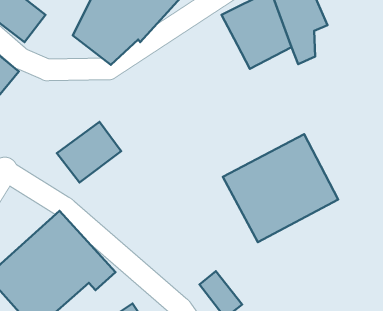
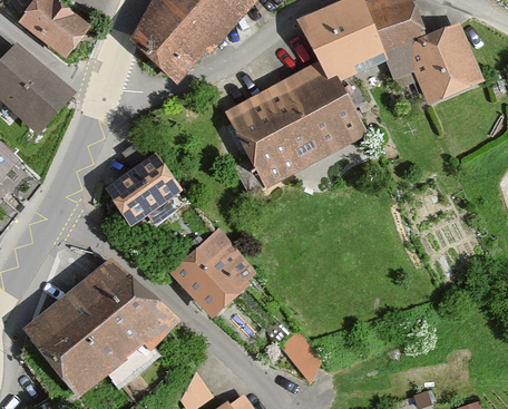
building: none -> [410,25,482,108]
building: [223,134,338,242] -> [224,61,360,188]
building: none -> [172,227,262,318]

